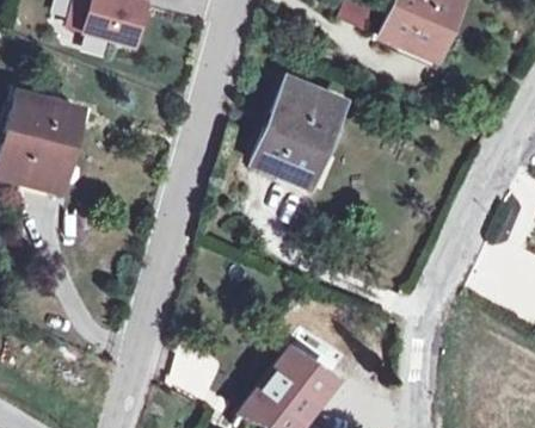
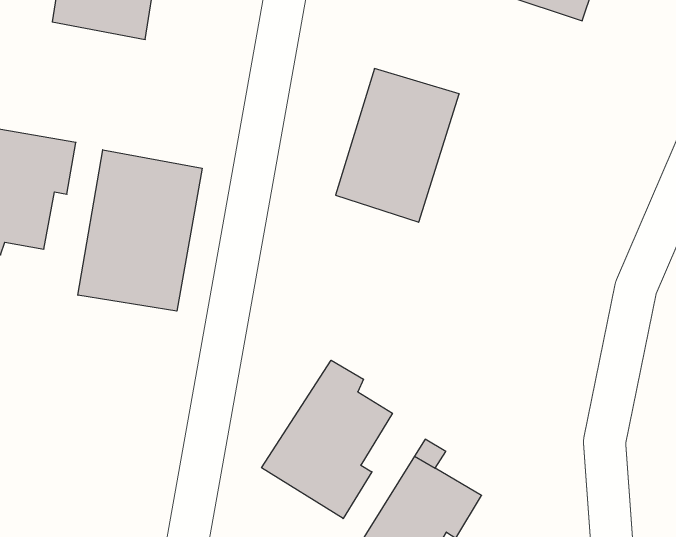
building: none -> [78,150,202,311]
building: none -> [262,360,392,519]

